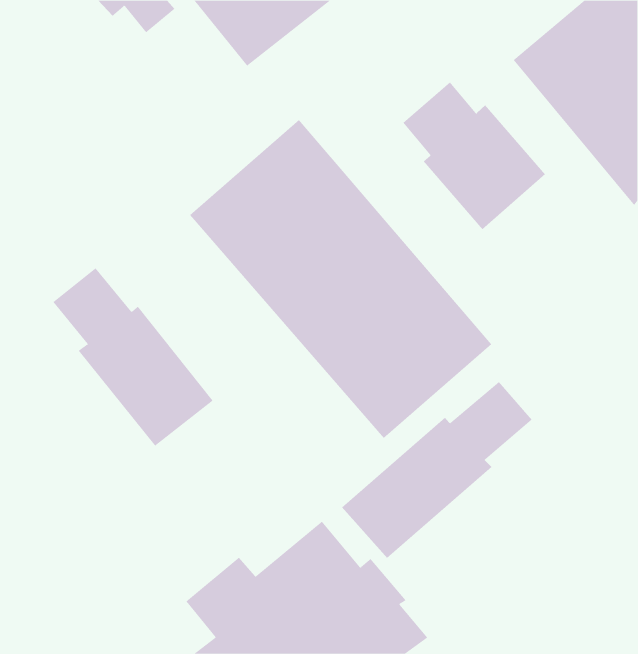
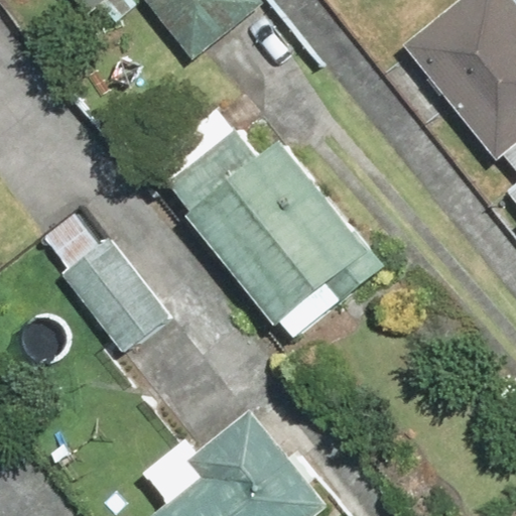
building: [403,81,546,230] -> none
building: [341,381,533,559] -> none

